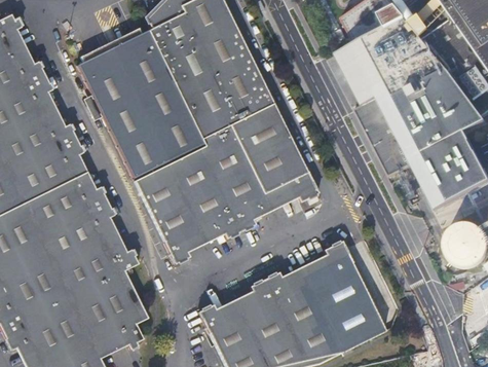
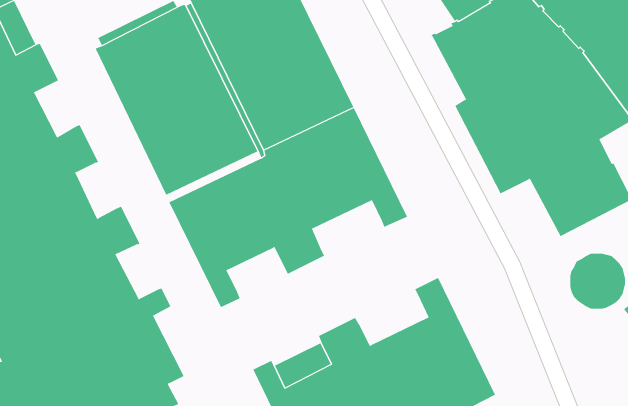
building: [32,90,64,132] -> none
building: [64,152,96,194] -> none
building: [246,181,298,219] -> none
building: [95,215,126,256] -> none
building: [180,217,224,251] -> none
building: [281,253,334,292] -> none

